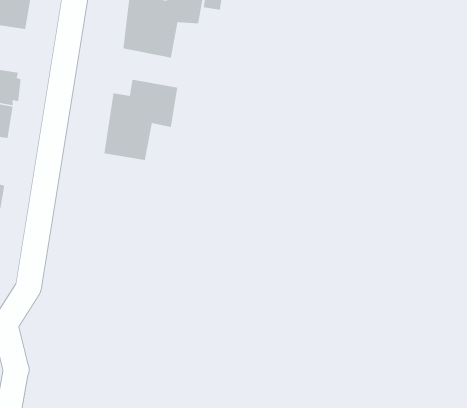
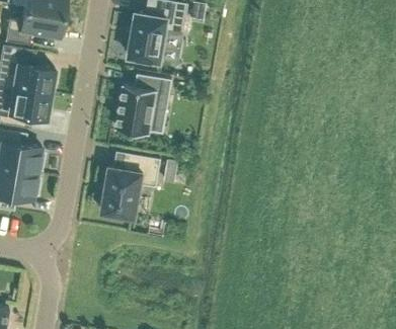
building: none -> [102,154,160,219]

